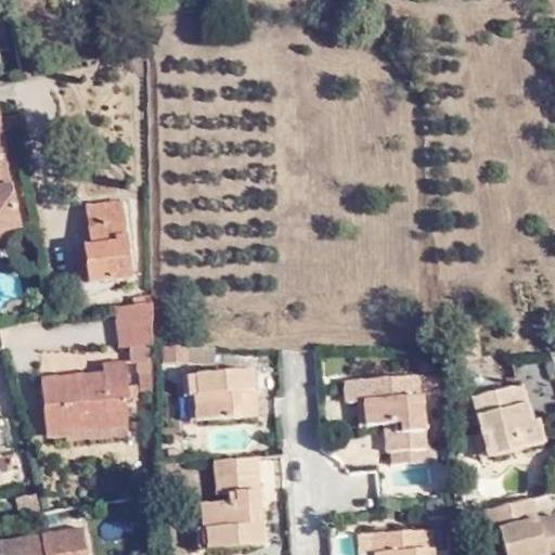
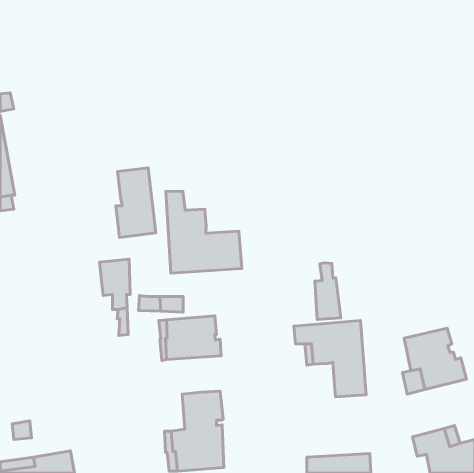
building: [85,201,131,282] -> [116,168,156,238]
building: none -> [166,191,242,273]
building: none -> [315,263,341,320]
building: [40,360,139,440] -> none

